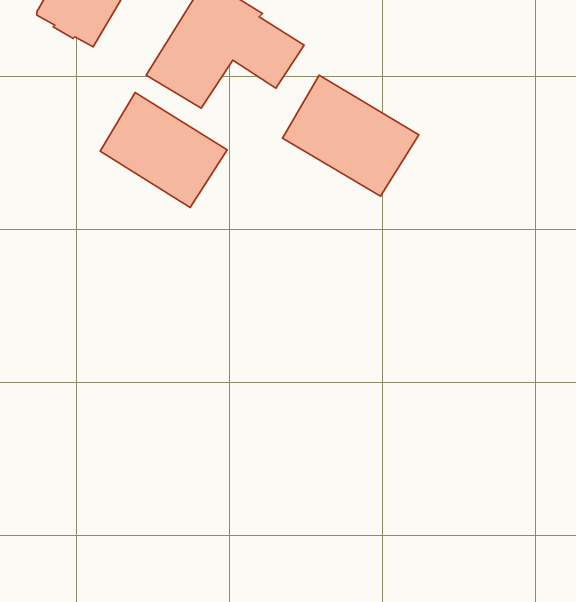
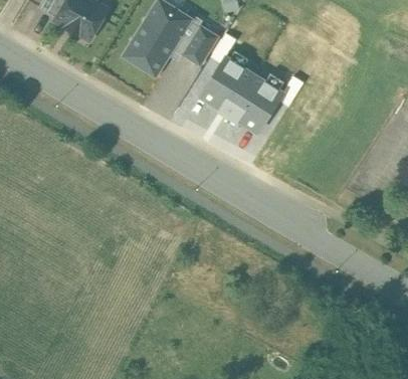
building: [100,93,227,208] -> none

